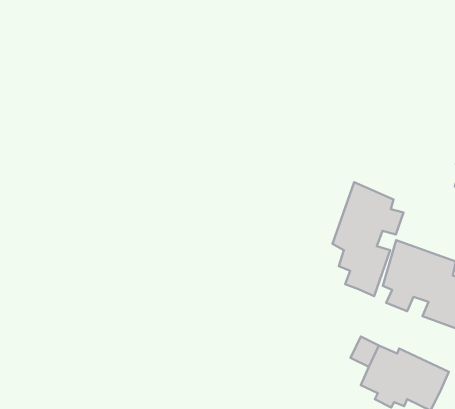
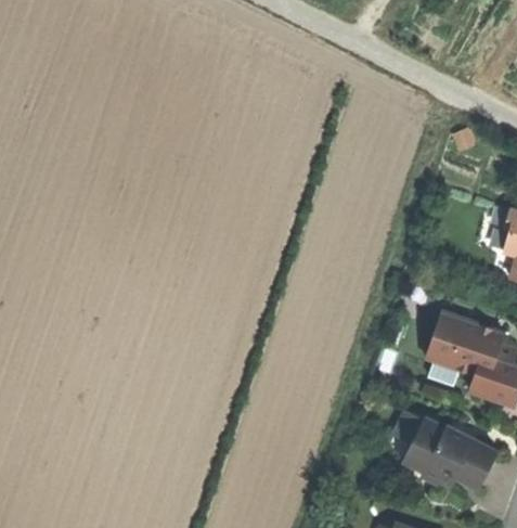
building: [332,182,403,296] -> none

